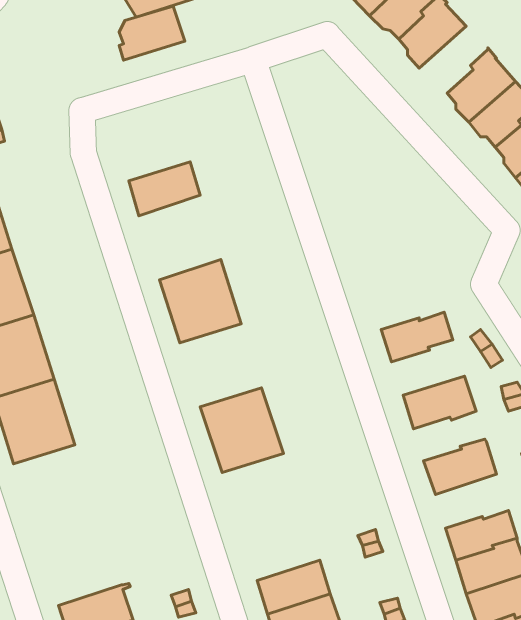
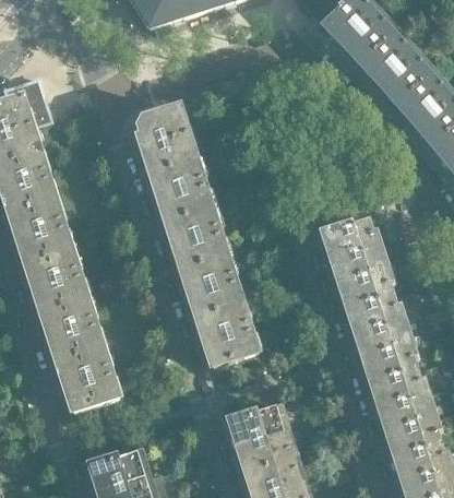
building: [119,6,185,60] -> [140,109,189,150]
building: none -> [360,34,411,84]
building: none -> [151,161,212,224]
building: none -> [324,221,379,261]
building: none -> [181,257,242,319]
building: none -> [339,269,394,310]
building: none -> [356,322,409,359]
building: none -> [57,347,119,413]
building: none -> [372,369,427,410]
building: none -> [230,406,286,449]

